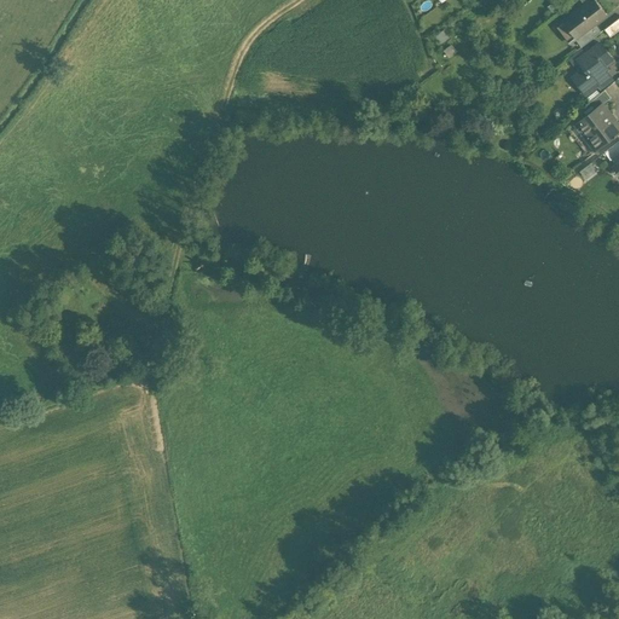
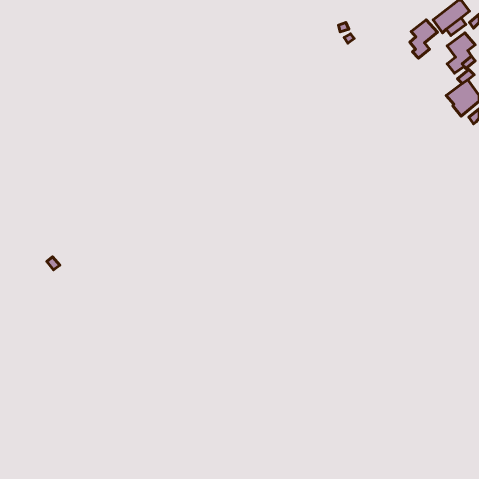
building: none -> [410,20,437,58]

